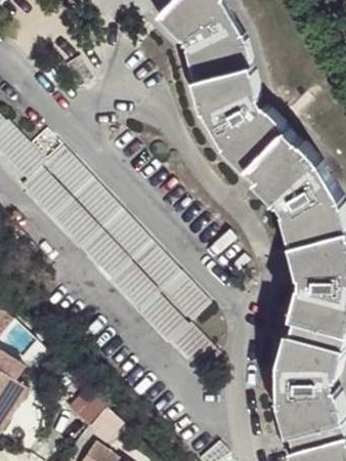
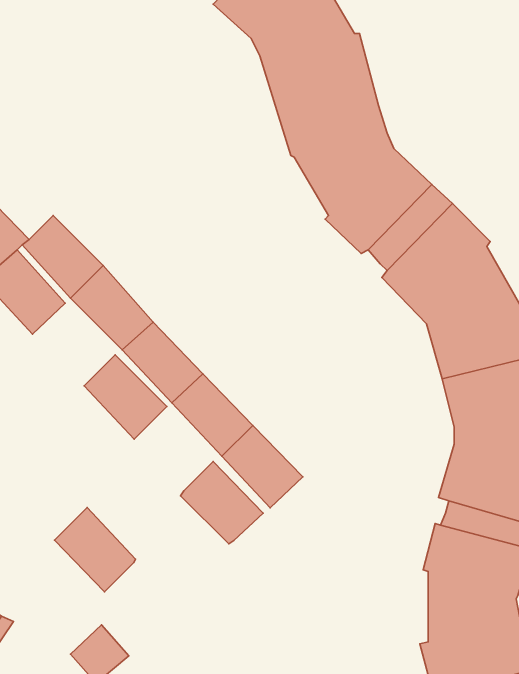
building: [45,196,94,245] -> none
building: [105,257,154,307] -> [55,507,135,592]
building: [165,319,214,368] -> none

